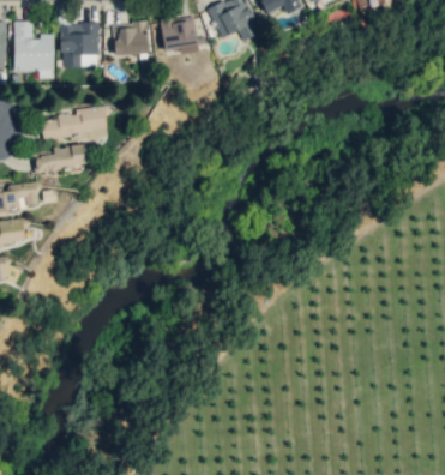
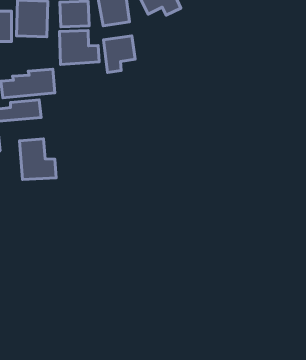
building: none -> [59,31,99,64]
building: none -> [104,36,135,73]
building: none -> [19,139,56,180]

